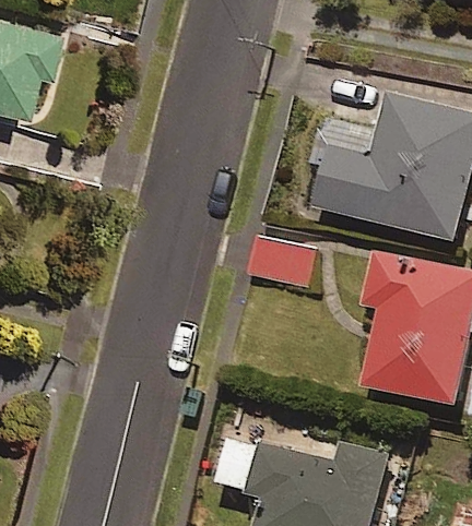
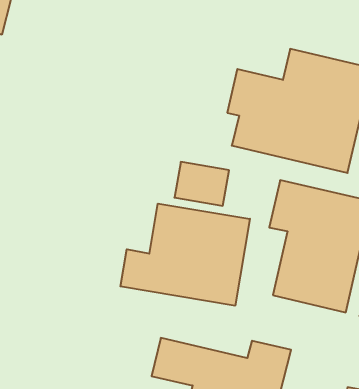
building: none -> [120,204,250,306]

